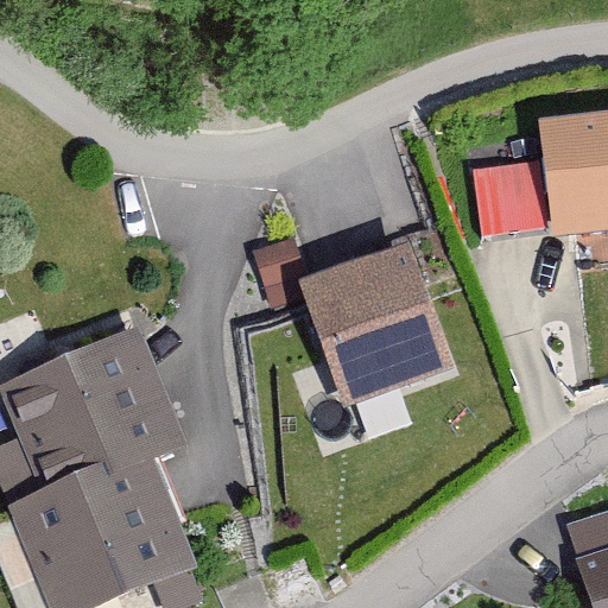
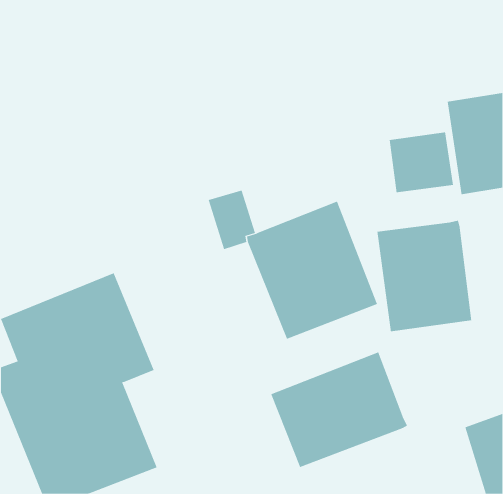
building: none -> [377,220,472,332]
building: none -> [270,352,408,468]

